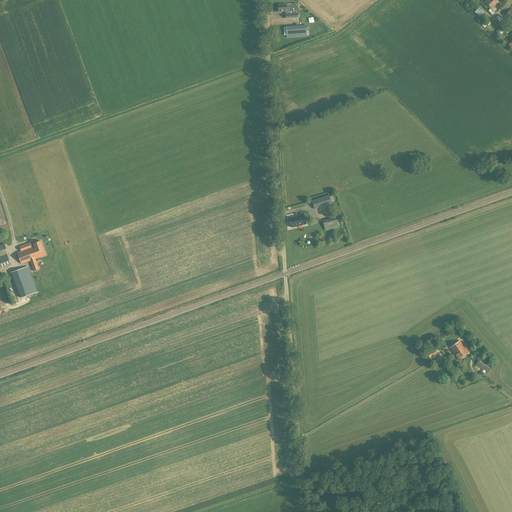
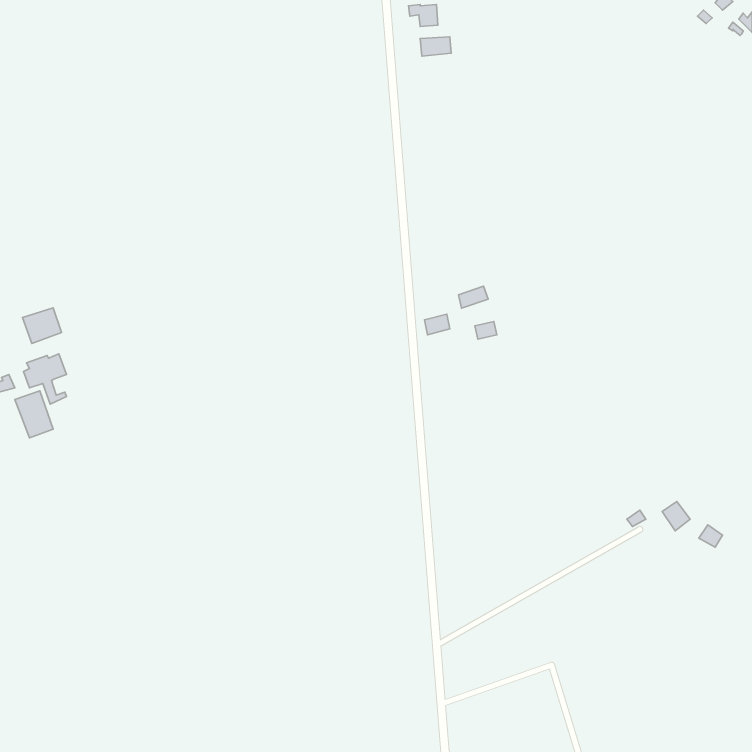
building: none -> [23,308,62,343]

